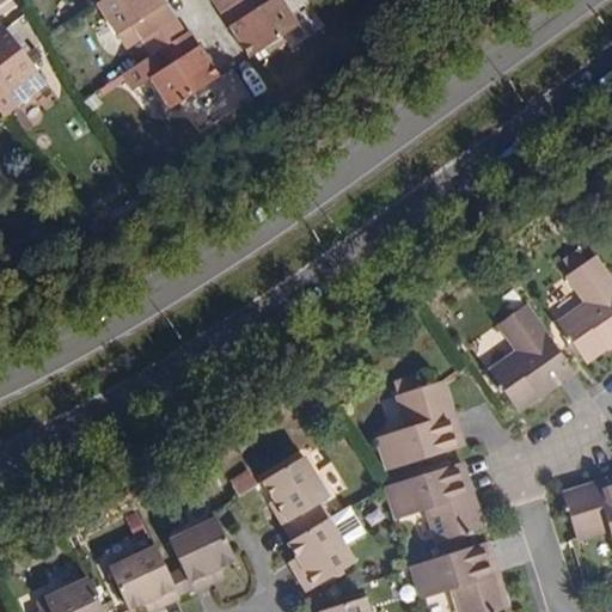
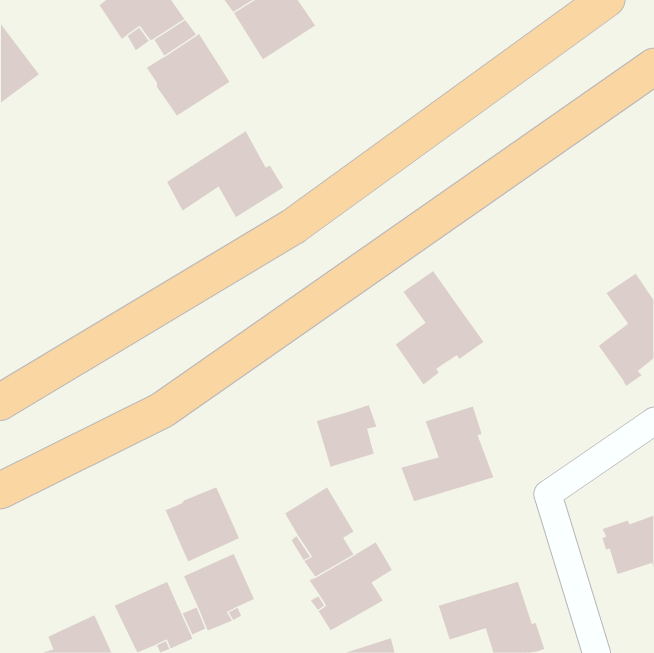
building: none -> [166,130,284,218]
building: [490,302,574,410] -> [395,270,485,385]
building: none -> [316,405,377,468]
building: none -> [165,486,240,562]
building: [384,463,483,541] -> none

